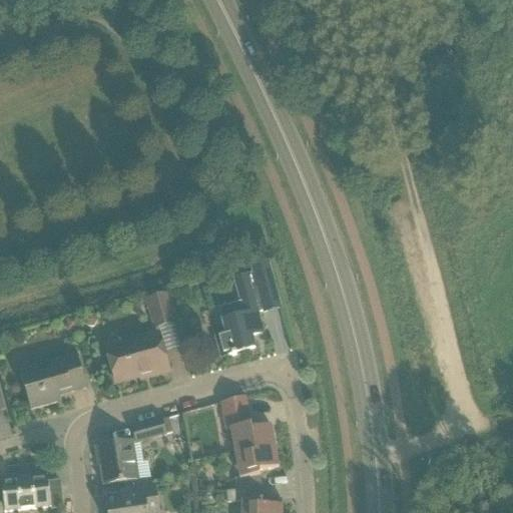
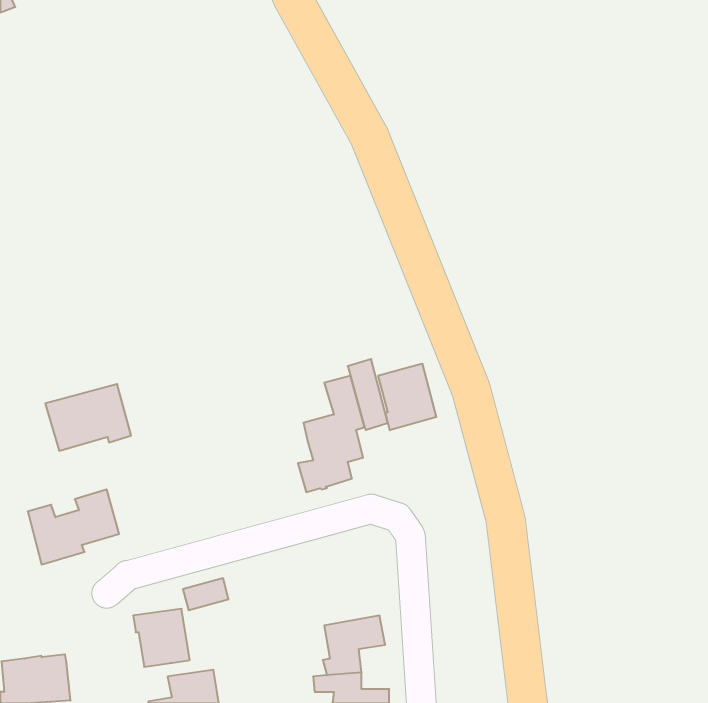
building: none -> [378,364,436,430]
building: [147,293,173,325] -> none
building: [106,333,168,381] -> [45,384,131,451]
building: [220,395,275,452] -> none

